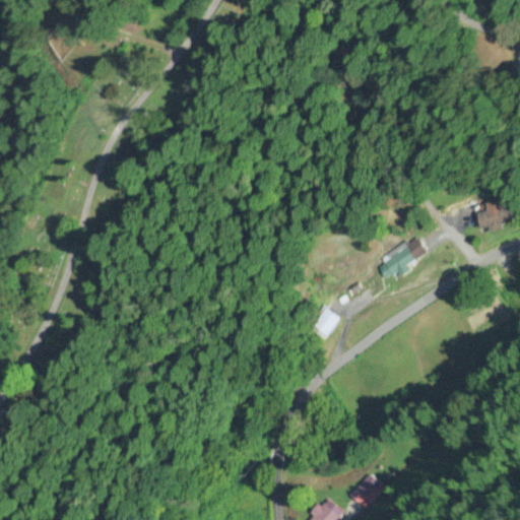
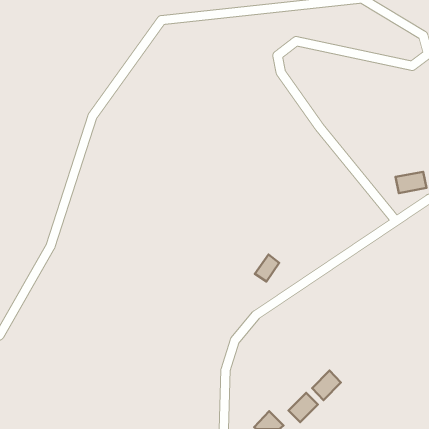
building: [377,237,428,280] -> none
building: none -> [312,371,341,400]

